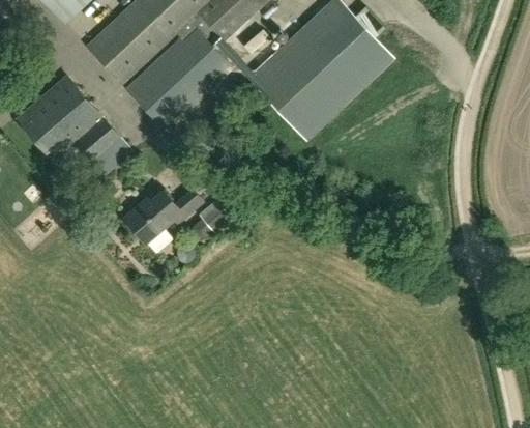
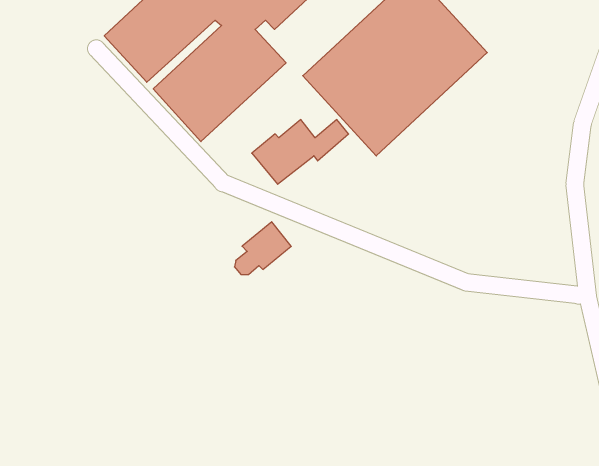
building: [18,76,131,176] -> none
building: [124,191,202,242] -> [252,120,349,184]

